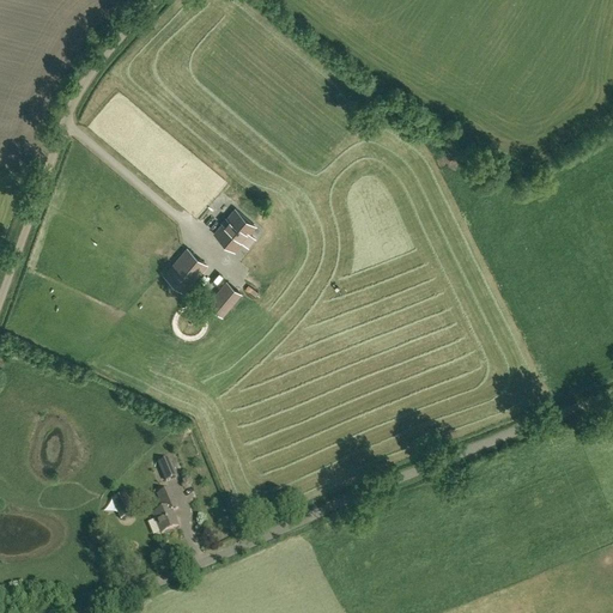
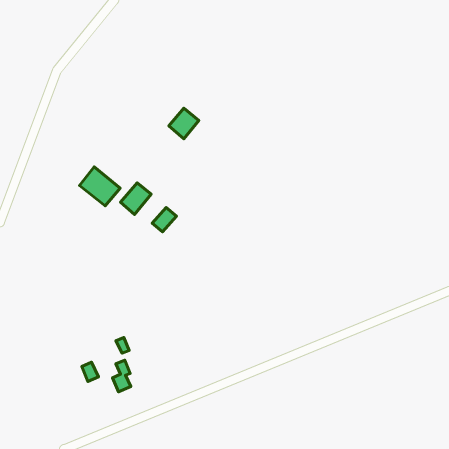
building: [214,210,255,251] -> [169,108,199,139]
building: none -> [80,167,120,206]

